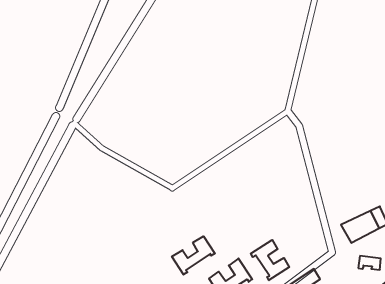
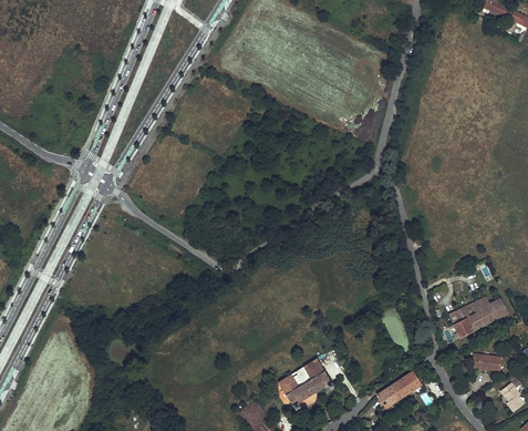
building: [172,236,215,275] -> none
building: [251,240,289,280] -> none

